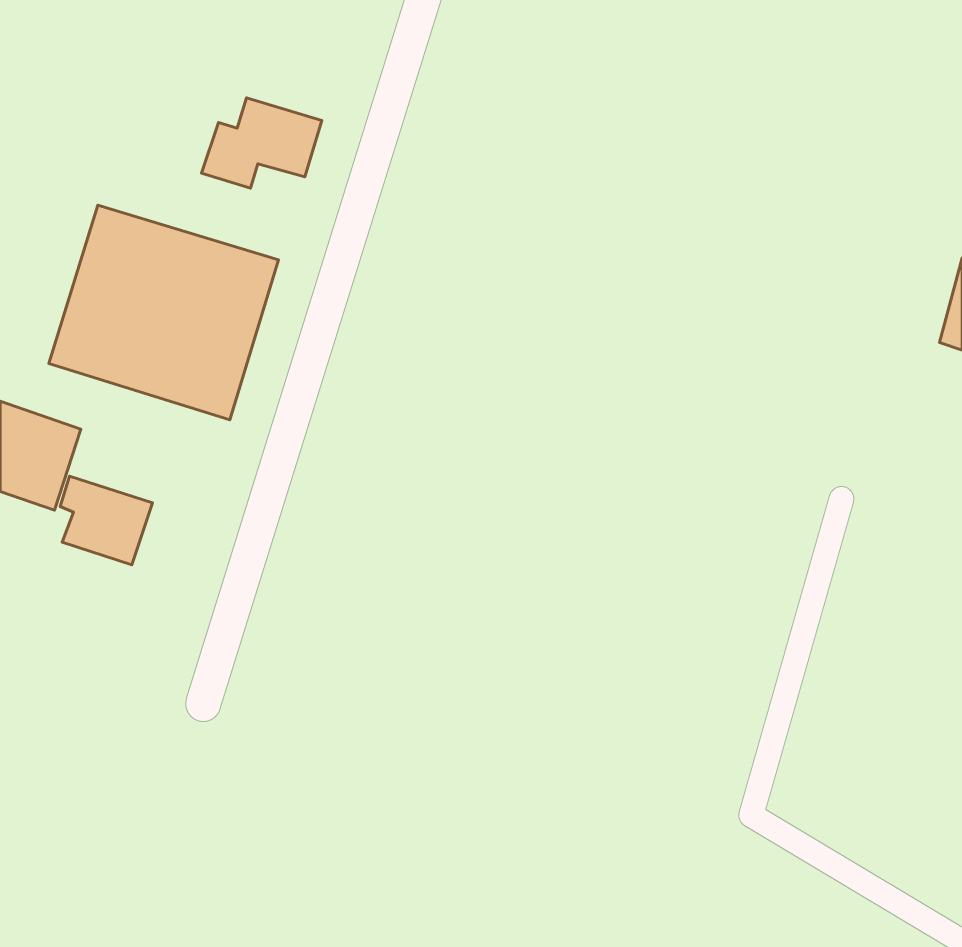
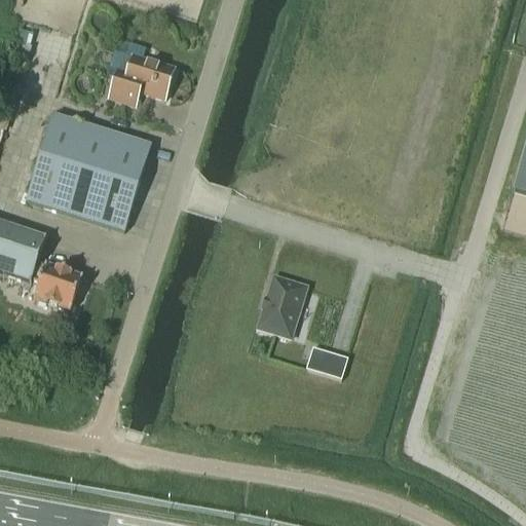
building: none -> [258,274,305,335]
building: none -> [305,344,347,376]

